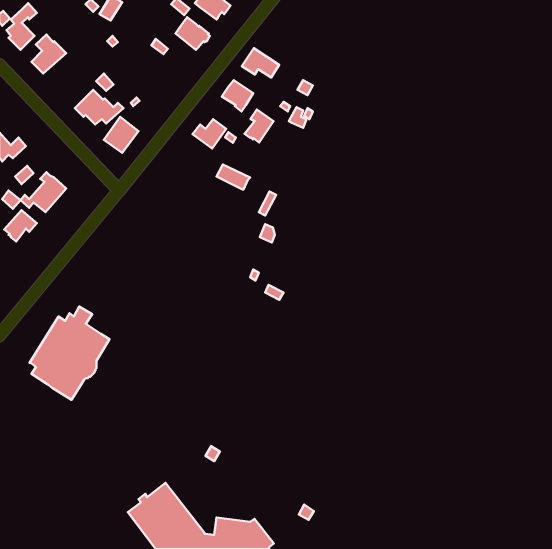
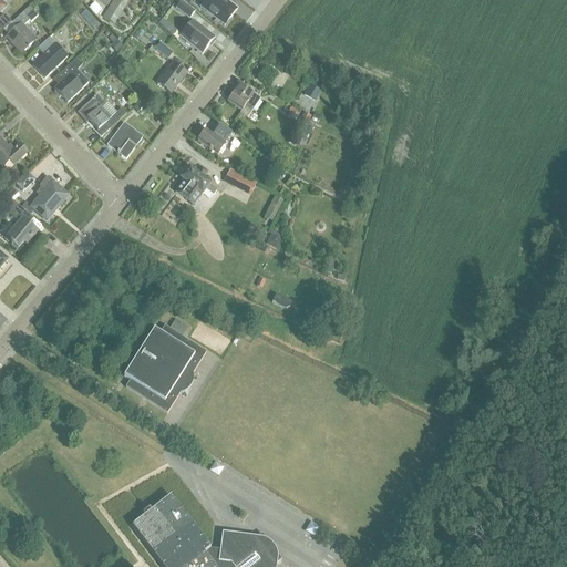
building: [242,48,279,77] -> none
building: none -> [52,55,87,100]
building: none -> [156,60,186,91]
building: [244,109,274,142] -> none
building: none -> [173,164,216,205]
building: [29,307,110,400] -> [123,316,205,411]

